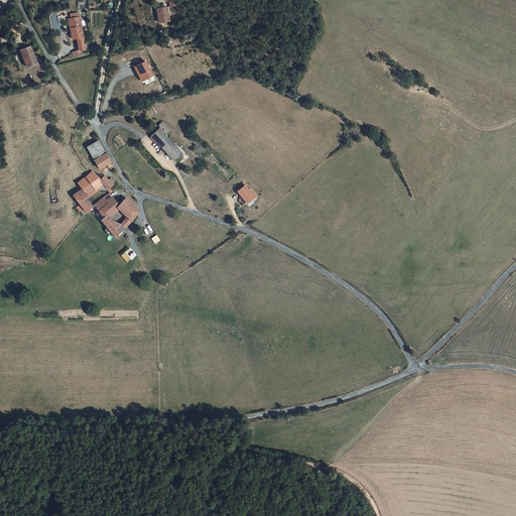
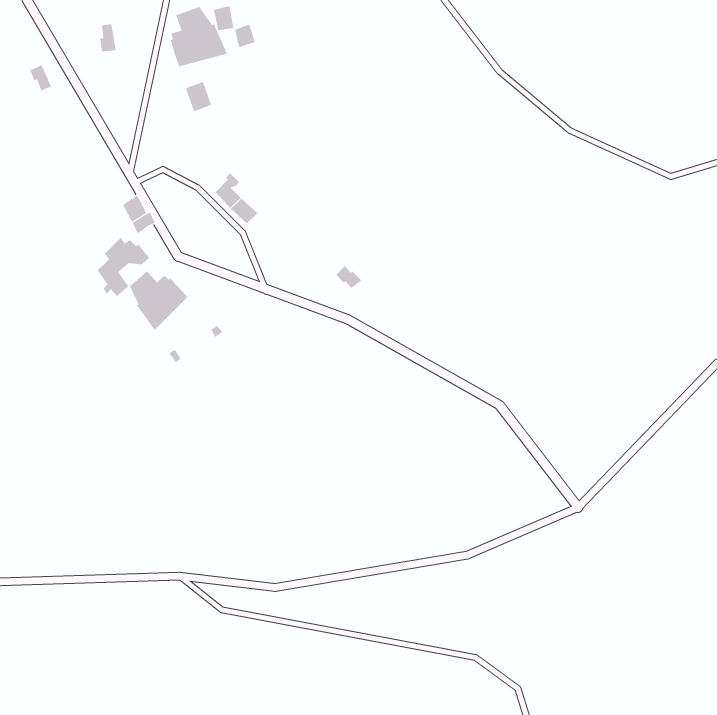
building: none -> [170,6,228,67]

